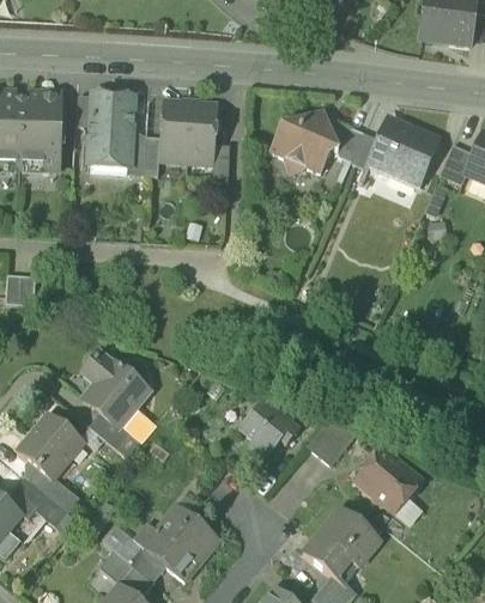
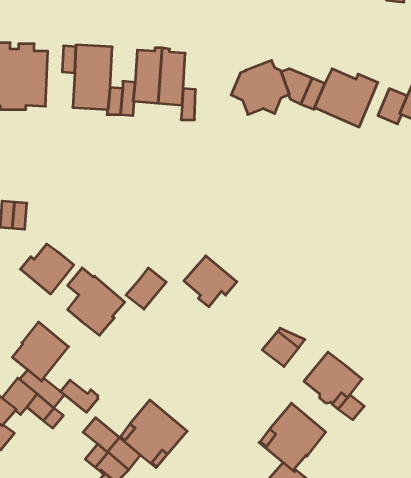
building: none -> [20,244,74,294]
building: none -> [126,268,166,309]
building: [238,397,299,456] -> [184,256,237,307]
building: [89,412,132,449] -> [60,380,98,412]

